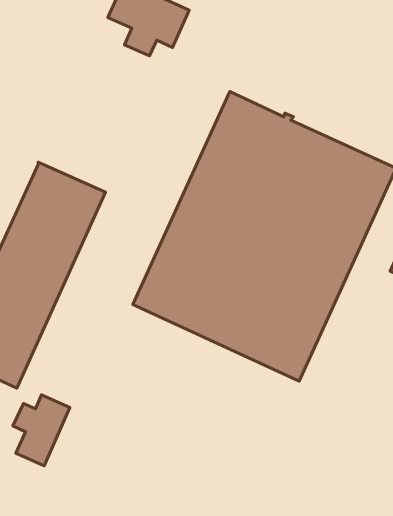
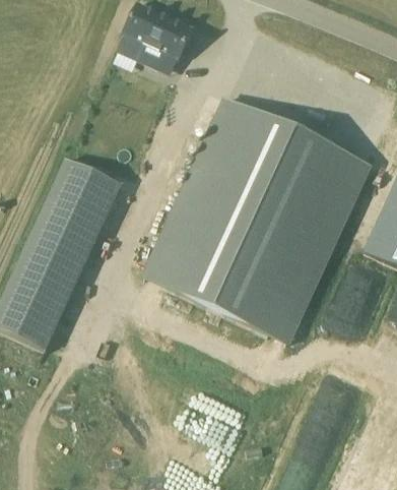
building: [13,395,70,466] -> none

